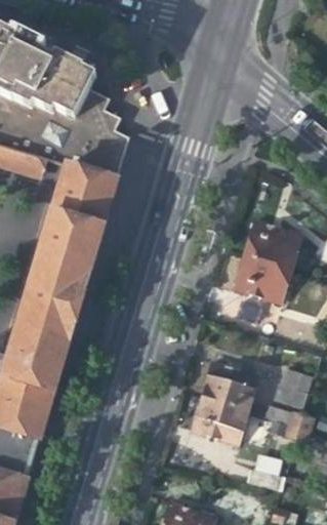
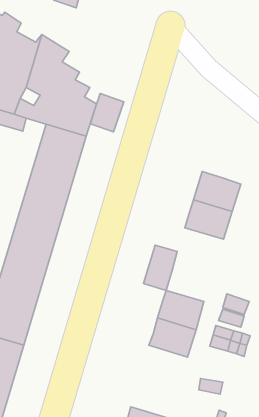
building: none -> [90,93,124,132]
building: none -> [144,245,177,290]

